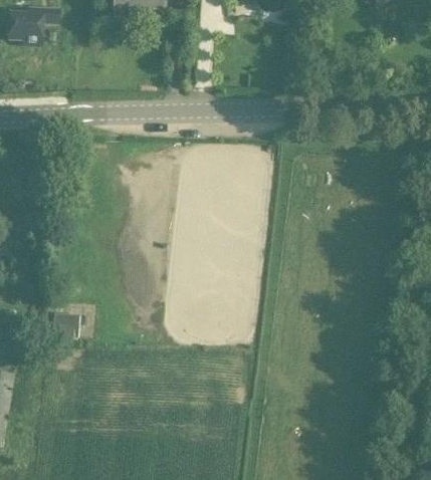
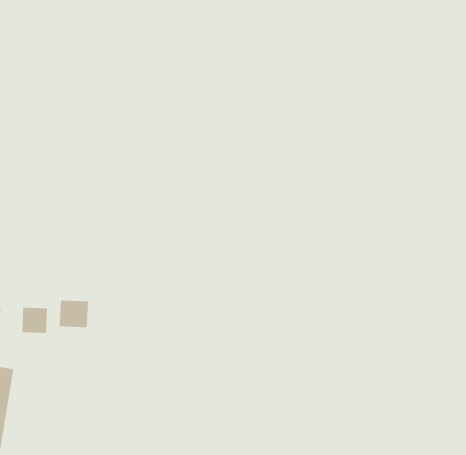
building: none -> [22,307,48,334]

